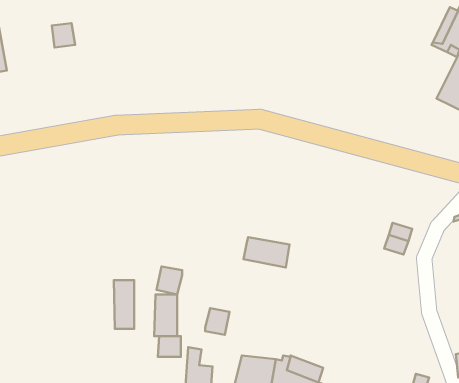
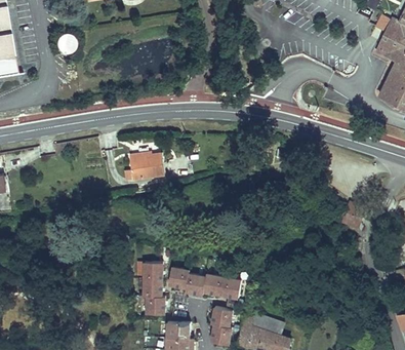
building: none -> [125,154,164,182]
building: [243,237,290,268] -> [202,273,241,299]
building: [157,267,182,295] -> [167,266,189,289]
building: [114,280,134,329] -> none

